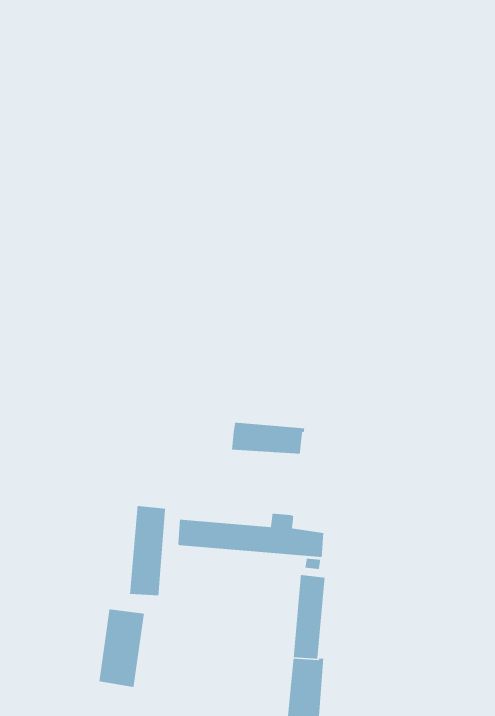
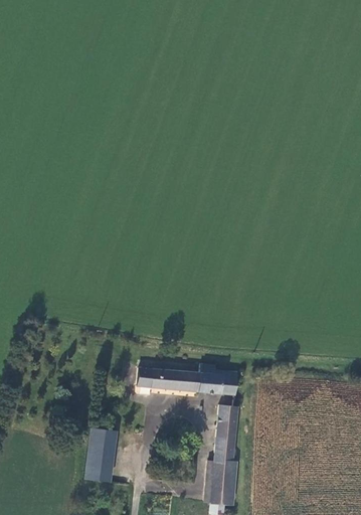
building: [231,422,305,454] -> none
building: [129,505,166,596] -> none

